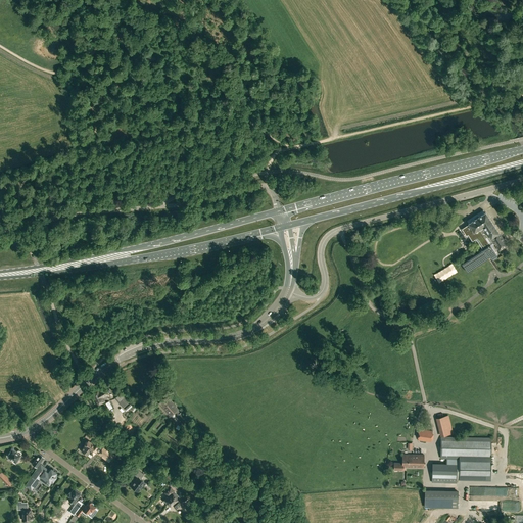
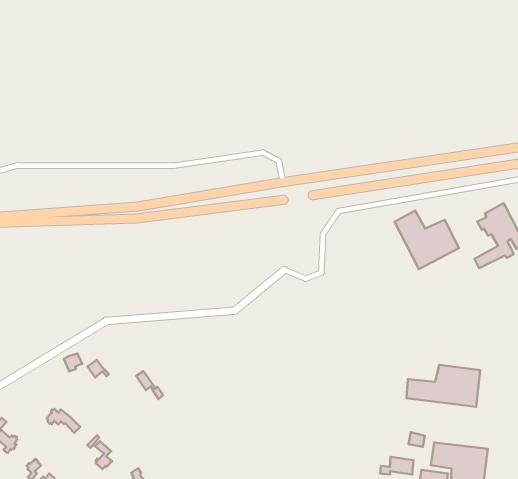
building: none -> [394,210,459,269]
building: none -> [406,365,480,407]

